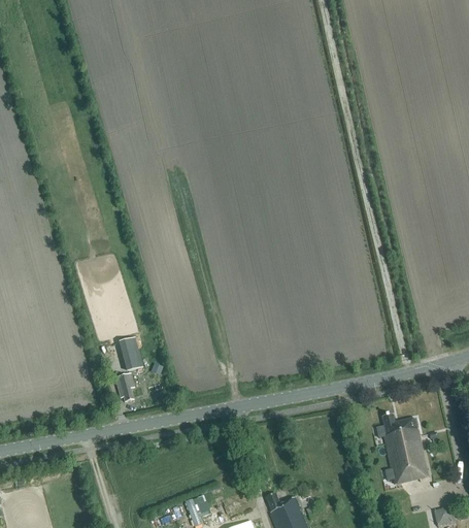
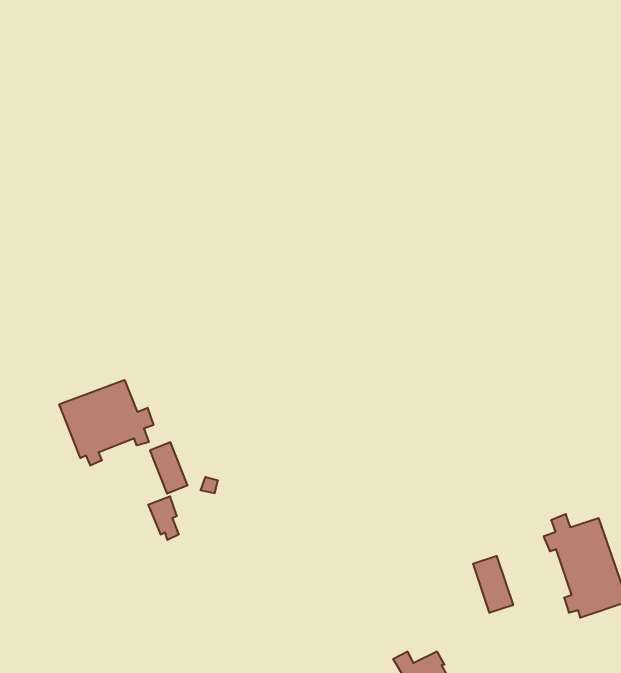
building: none -> [59,380,153,466]
building: none -> [473,556,513,613]

